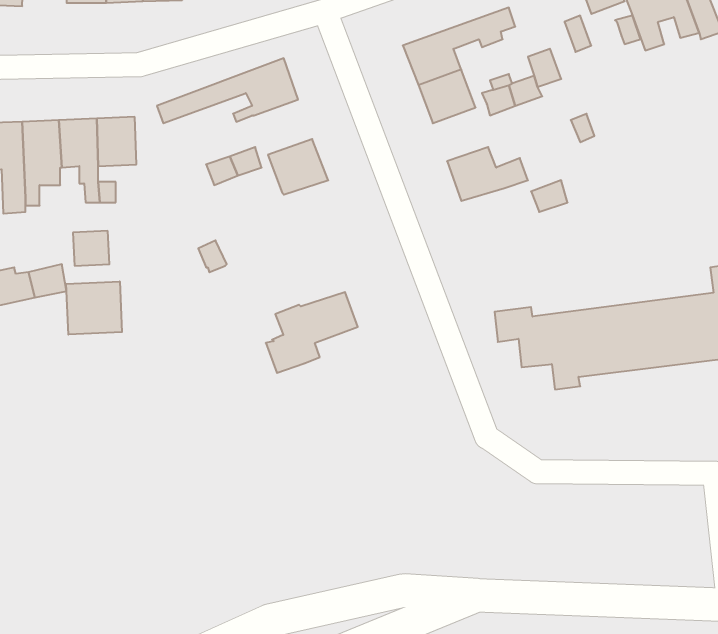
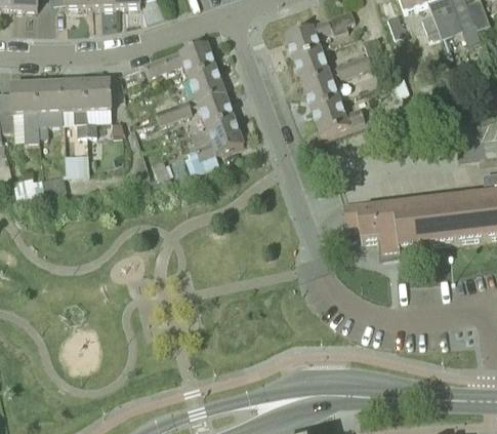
building: none -> [187,68,224,104]
building: none -> [302,73,338,108]
building: [66,281,122,335] -> none
building: [266,292,358,373] -> [183,120,243,172]

